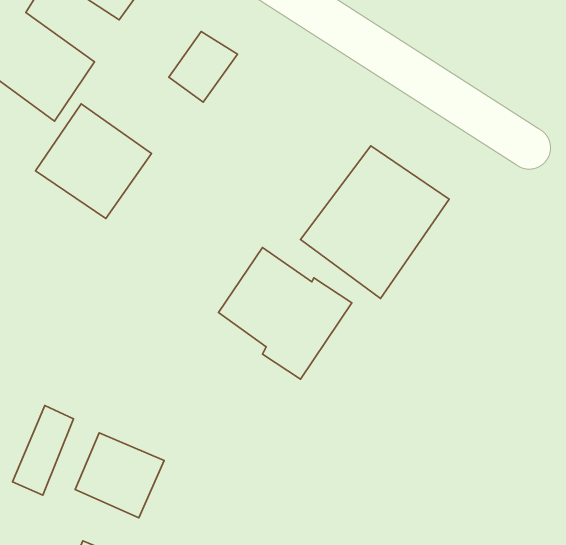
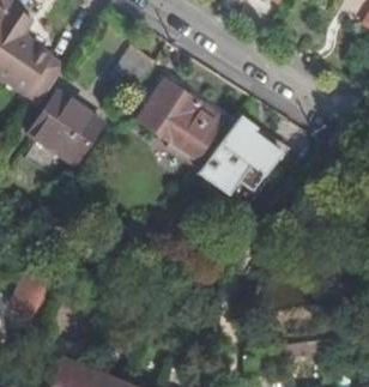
building: [219,247,352,379] -> [140,75,224,158]
building: [75,433,164,518] -> none

